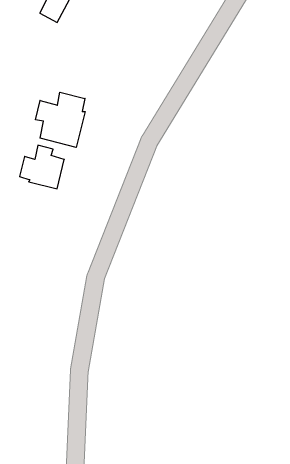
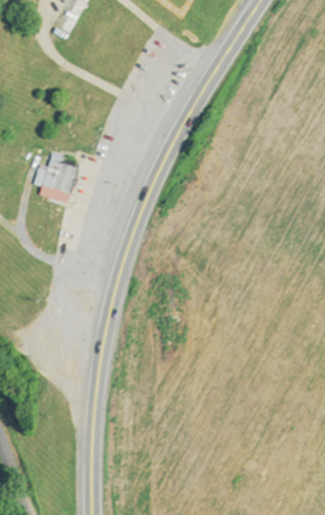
building: [36,92,85,147] -> none

